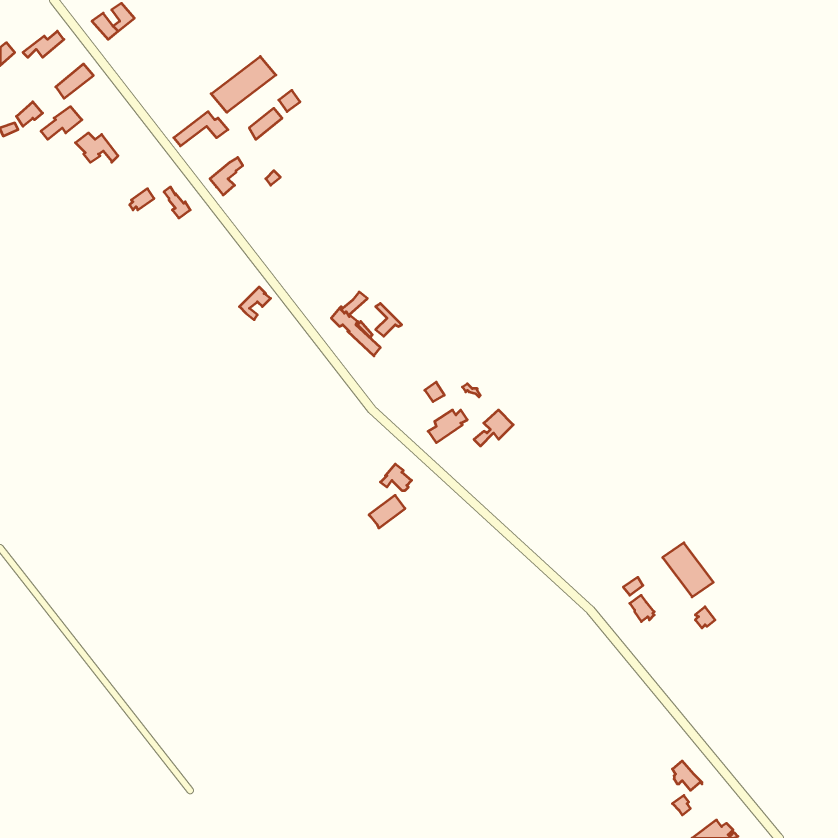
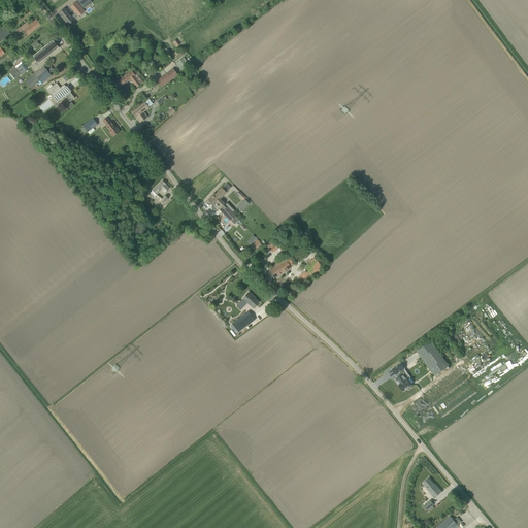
building: [211,56,276,112] -> none

